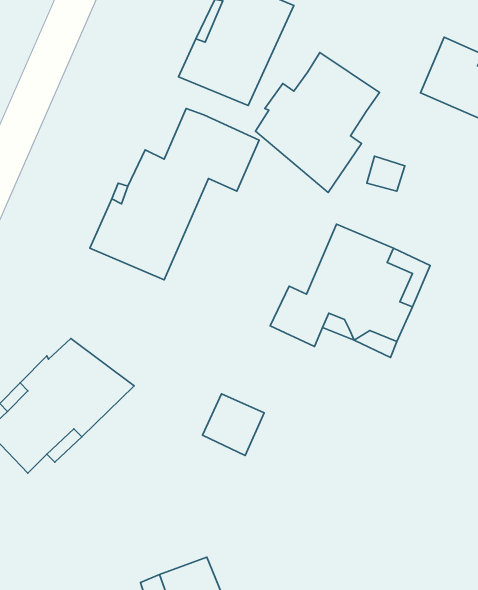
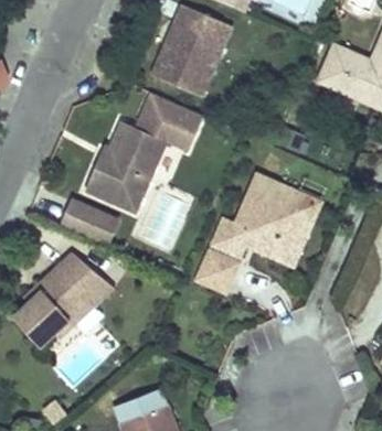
building: [256,52,379,193] -> none
building: none -> [60,198,117,245]
building: [203,394,264,456] -> [195,250,238,293]

